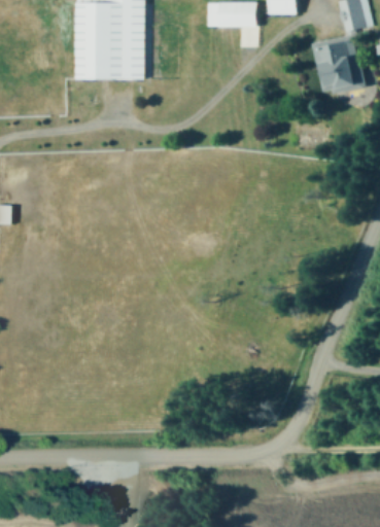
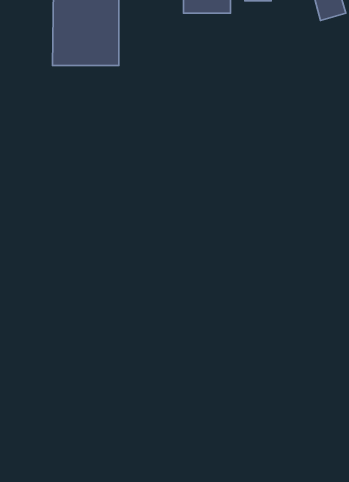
building: [313,35,362,94] -> none

